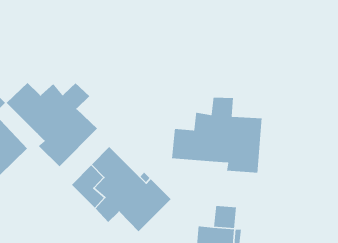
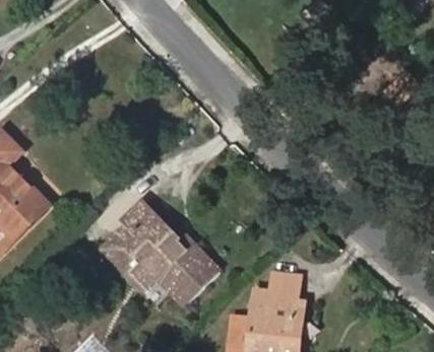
building: [6,82,98,167] -> none
building: [171,97,263,173] -> none

